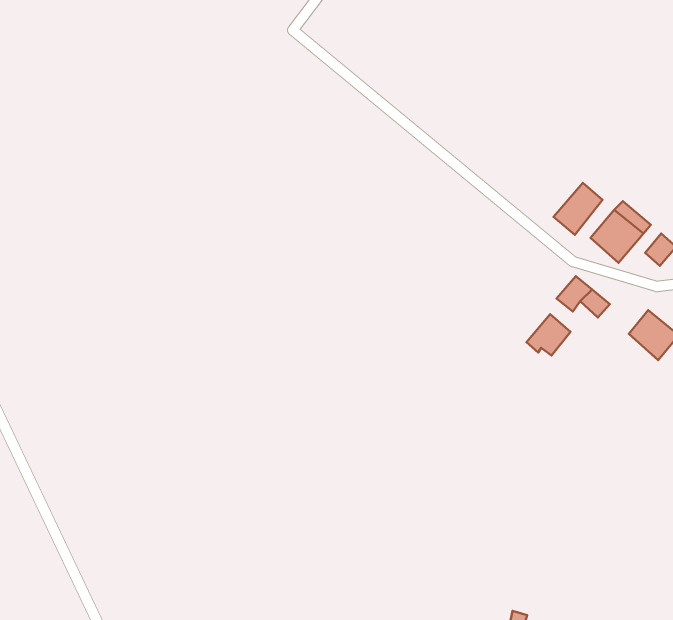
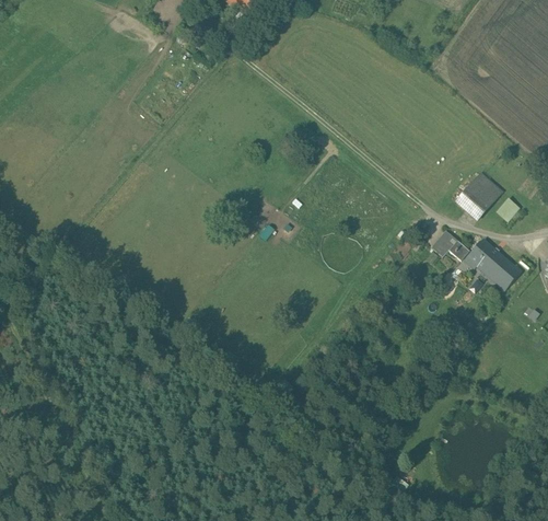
building: [554,183,602,235] -> none
building: [526,314,571,355] -> [465,241,498,271]

